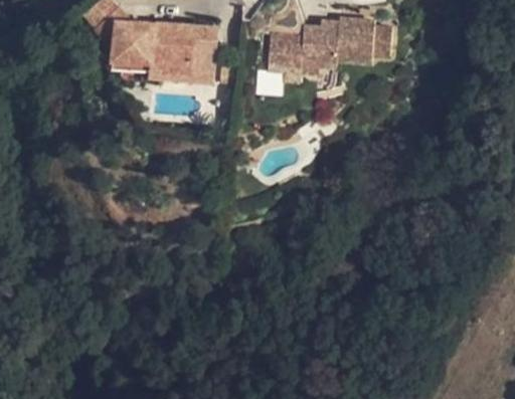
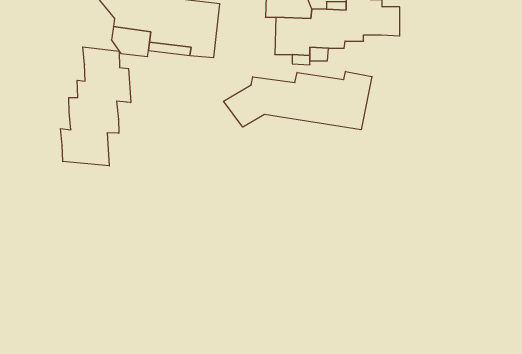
building: none -> [61,47,131,166]
building: none -> [224,71,372,130]

